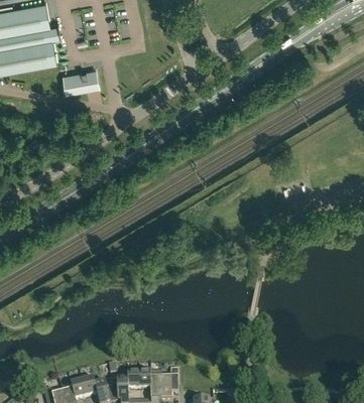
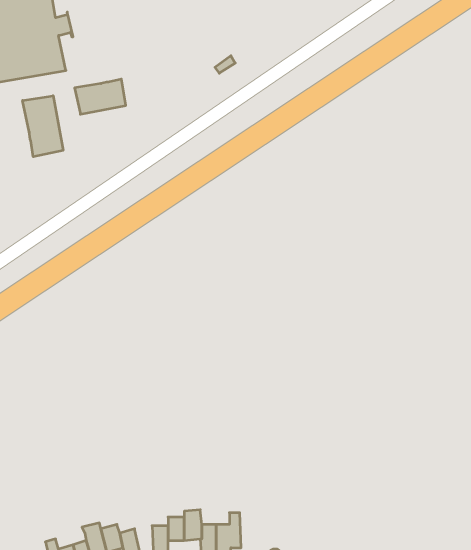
building: none -> [23,96,63,157]

